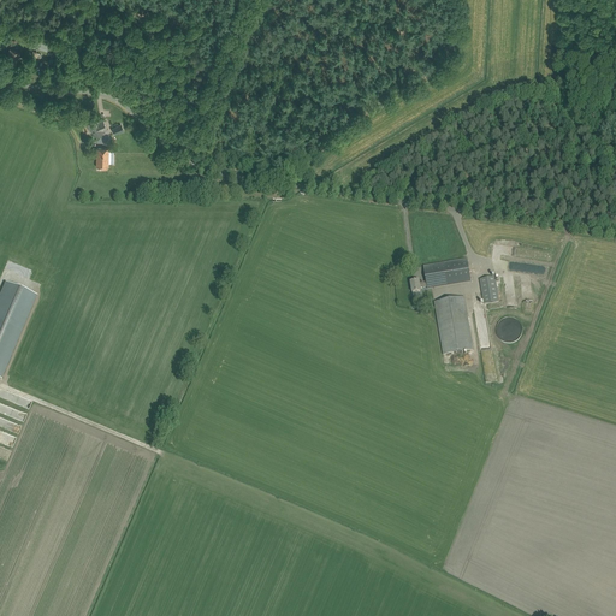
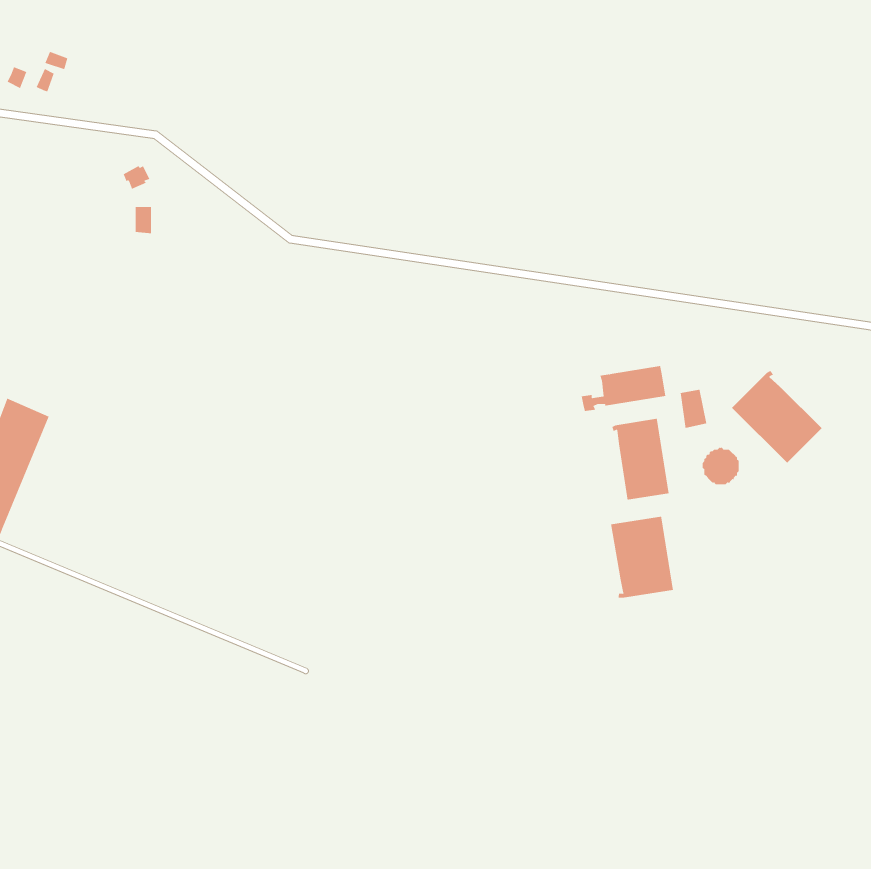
building: none -> [731,370,823,464]
building: none -> [611,516,674,599]

